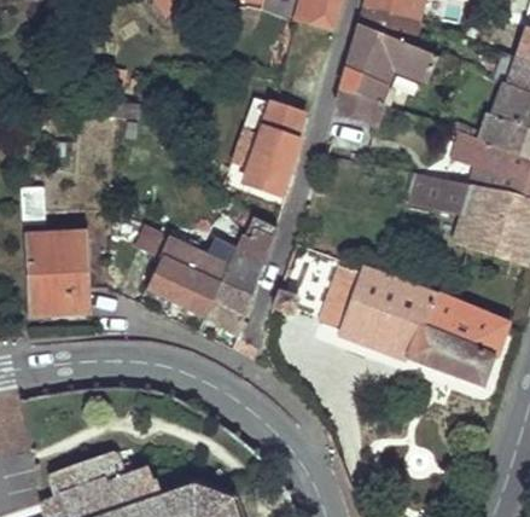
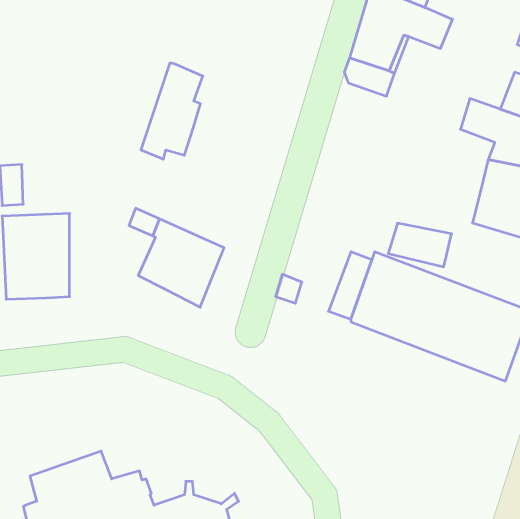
building: [245,101,302,190] -> [141,63,203,159]
building: [410,173,468,213] -> [388,223,452,267]
building: [205,215,276,332] -> none

